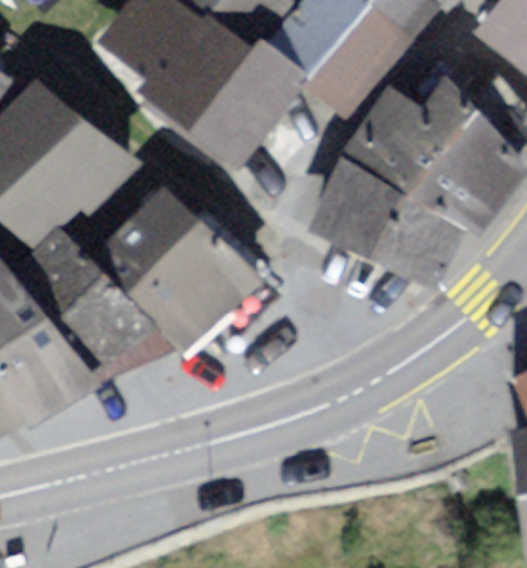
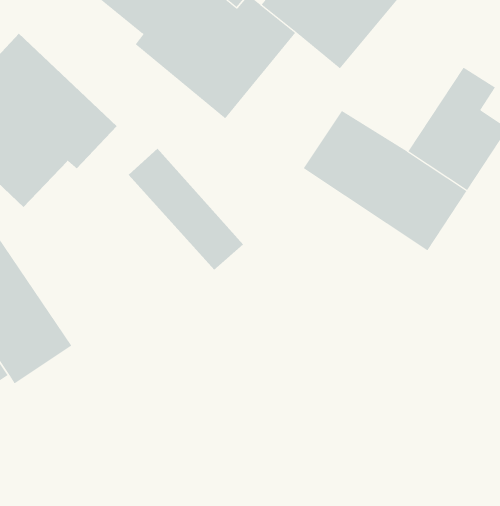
building: [348,87,467,190] -> none
building: [100,213,224,342] -> none
building: [22,230,141,357] -> none

